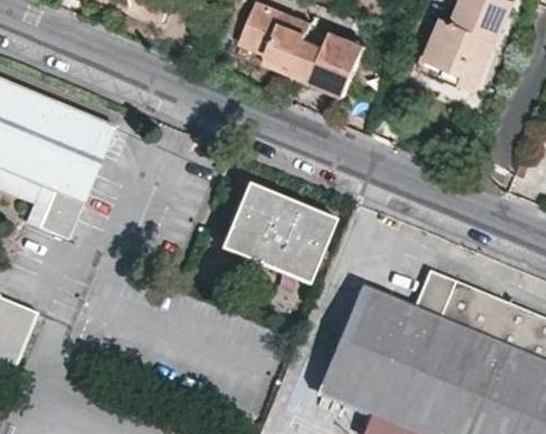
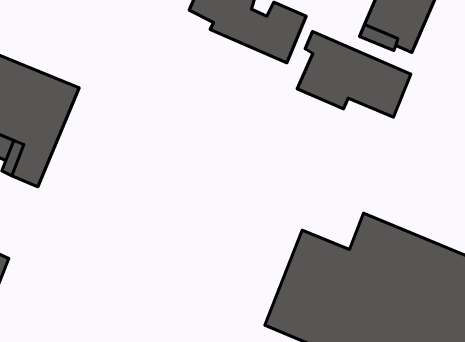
building: none -> [297,32,411,117]
building: [220,182,335,281] -> none

